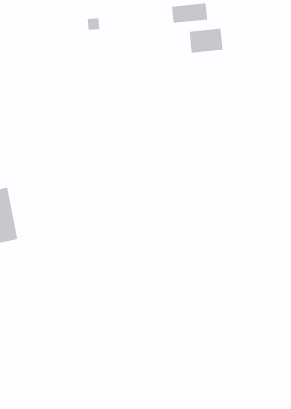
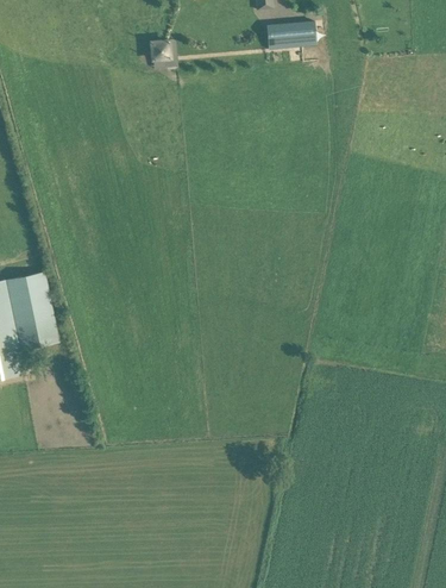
building: [189,28,223,53] -> none

